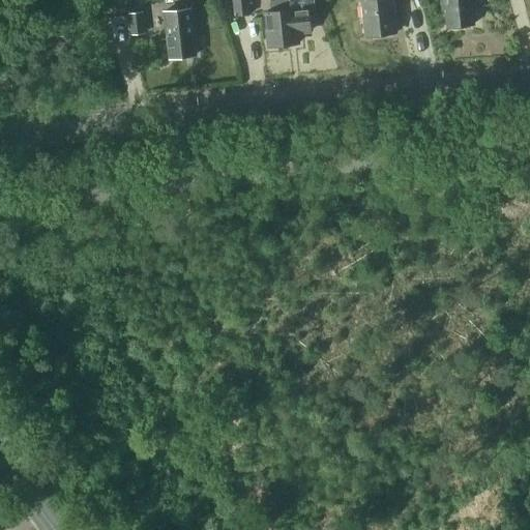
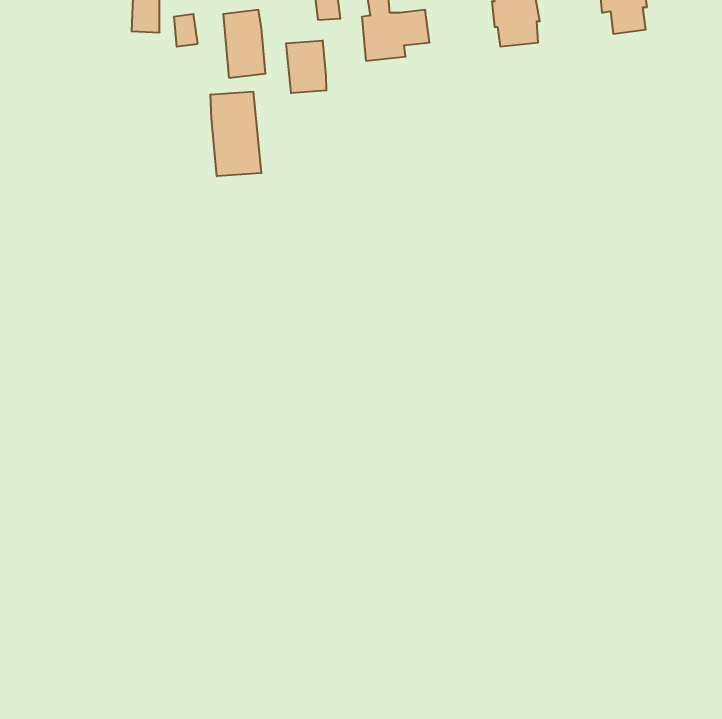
building: none -> [286,40,326,93]
building: none -> [211,92,261,176]

